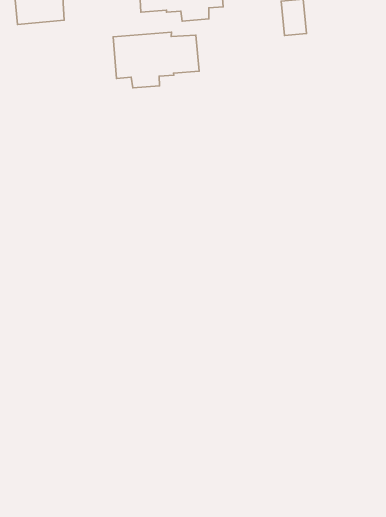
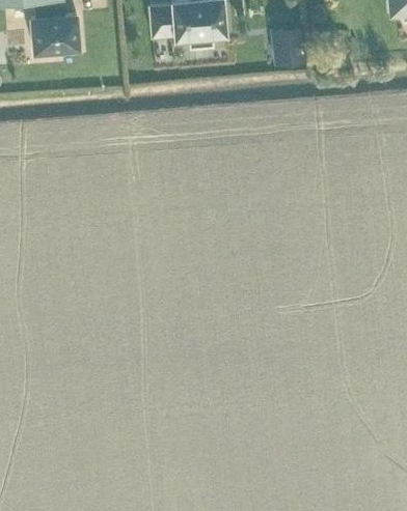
building: [113,32,199,88] -> none

